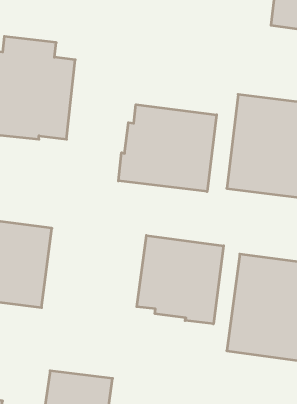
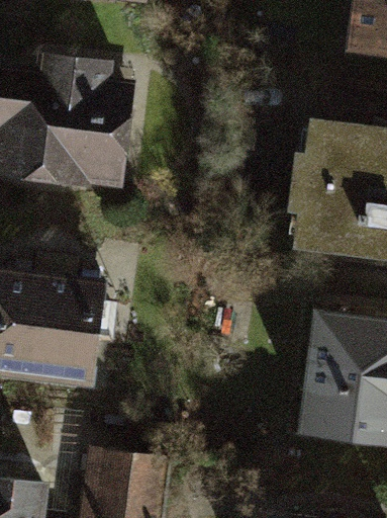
building: [118,105,217,192] -> none
building: [137,235,224,324] -> none

